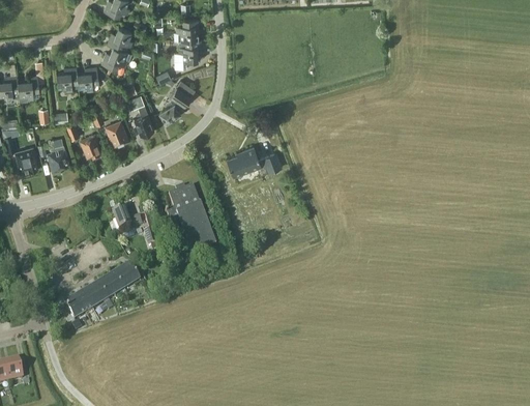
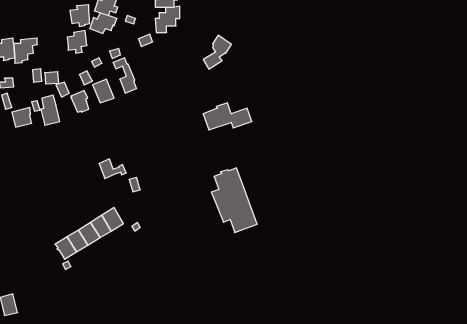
building: [57,67,79,91] -> [70,5,90,26]
building: [160,86,192,123] -> [203,35,231,69]
building: [166,184,216,256] -> [211,168,257,233]

